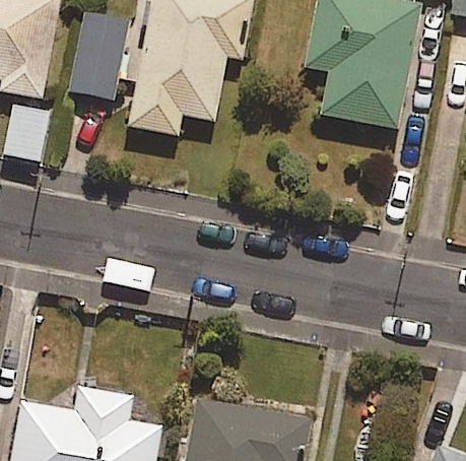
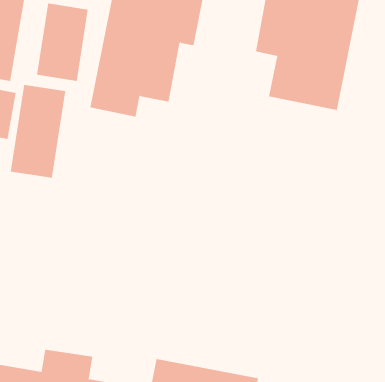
building: none -> [10,84,66,178]

